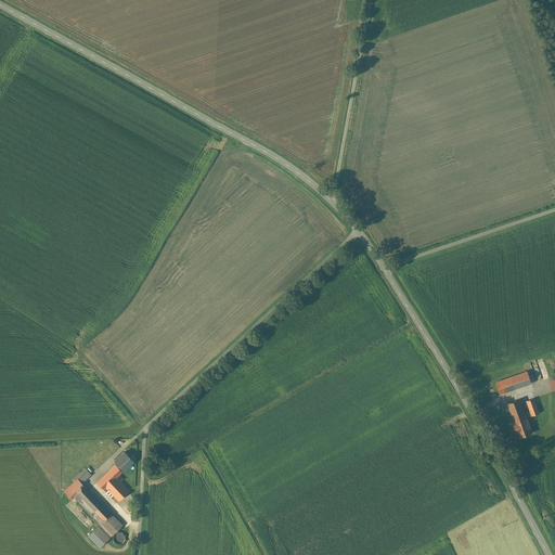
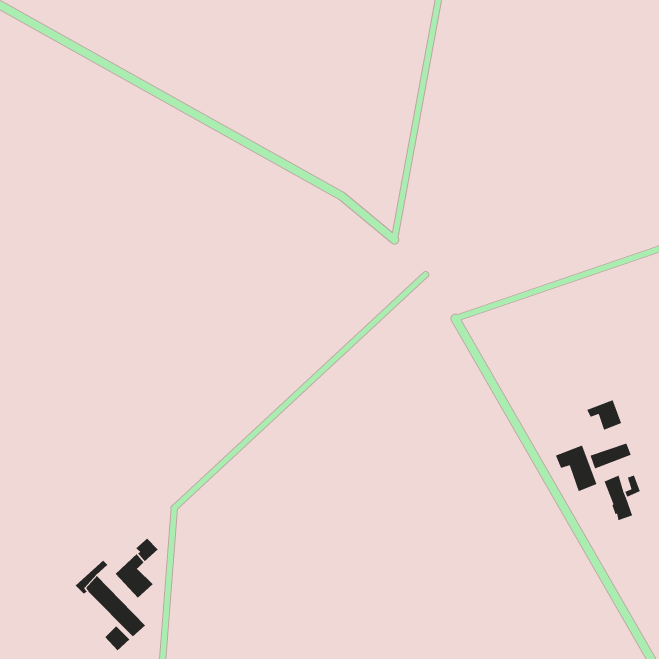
building: none -> [586,399,622,431]
building: none -> [555,444,598,492]

